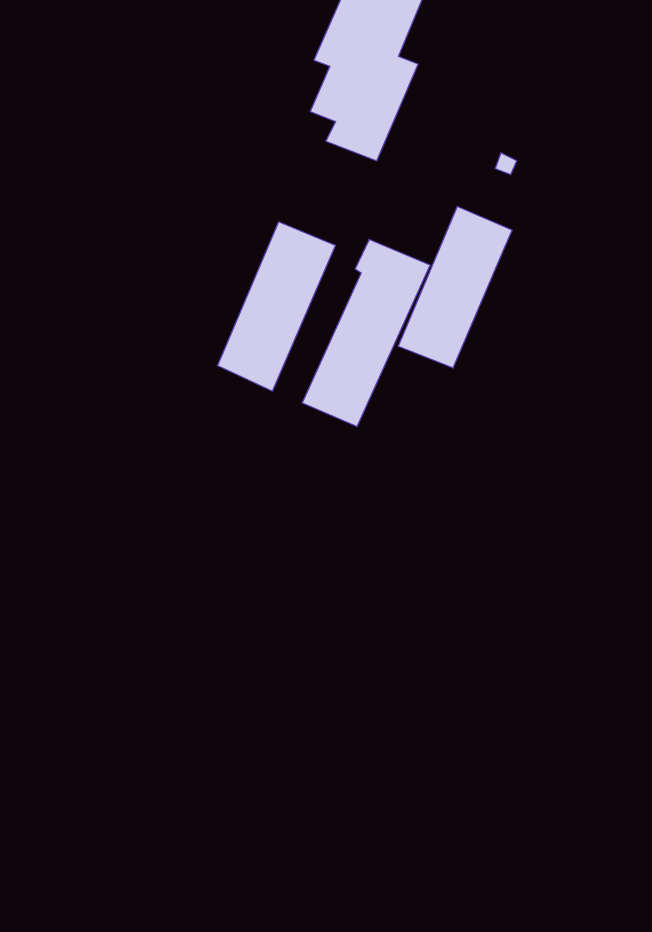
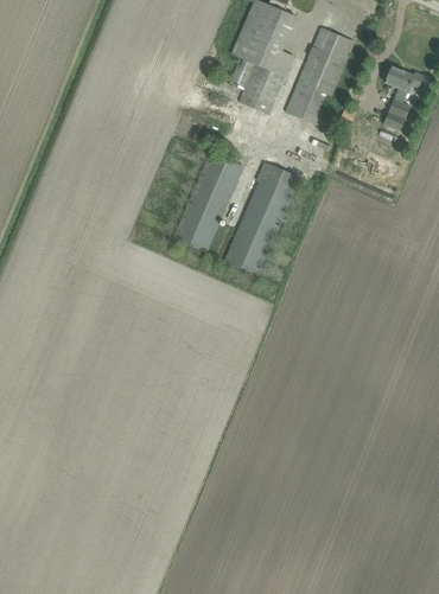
building: none -> [382,65,422,130]
building: [398,207,512,368] -> [285,27,354,124]

